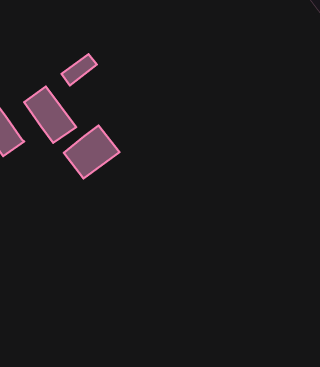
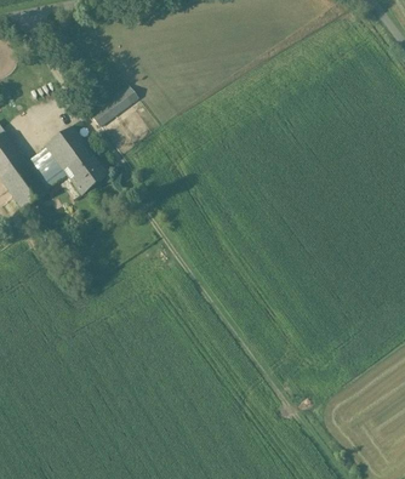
building: none -> [24,146,65,189]
building: [64,126,119,179] -> none

